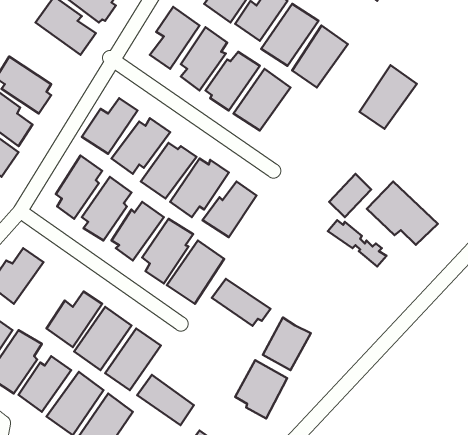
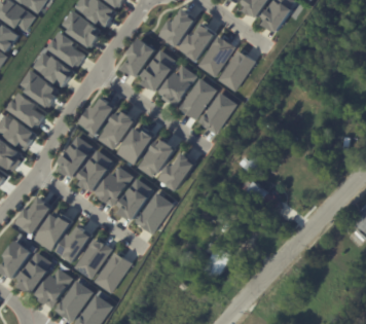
building: none -> [31,50,71,86]
building: [360,65,417,129] -> [197,92,235,134]
building: [367,182,438,245] -> none
building: none -> [34,212,71,250]
building: [212,279,271,326] -> none
building: [235,360,287,419] -> none
building: [137,375,194,425] -> none

